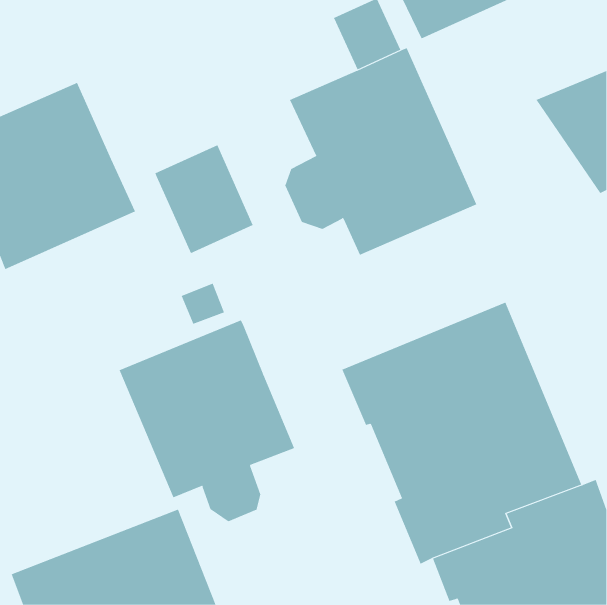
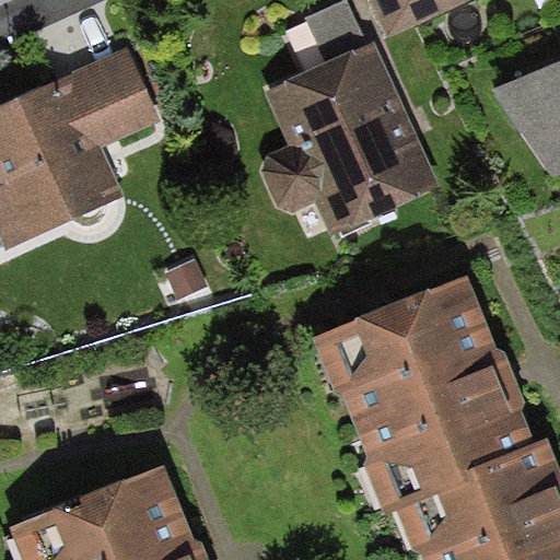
building: [155,144,253,254] -> [70,46,161,147]
building: [119,319,295,522] -> none

